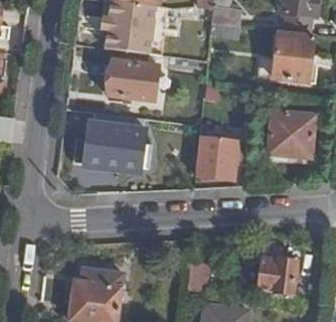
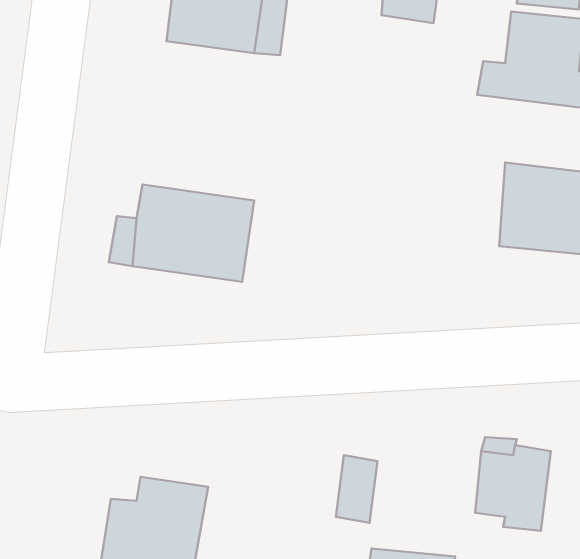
building: [109,61,158,101] -> none
building: [196,137,237,178] -> none

